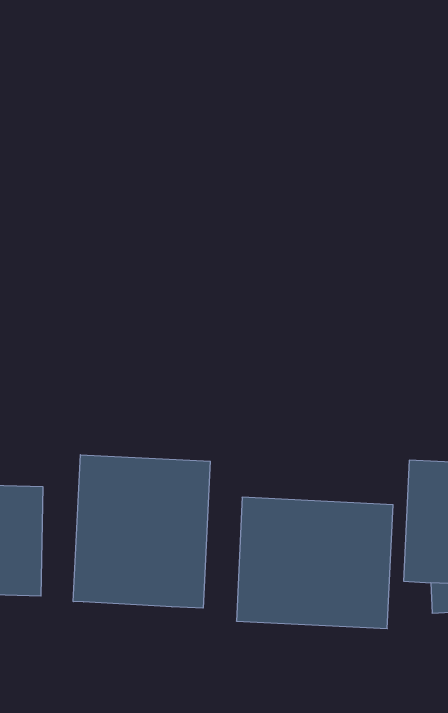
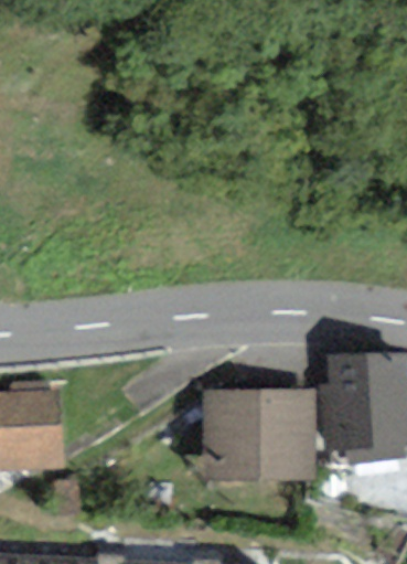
building: [73,455,210,608] -> none

